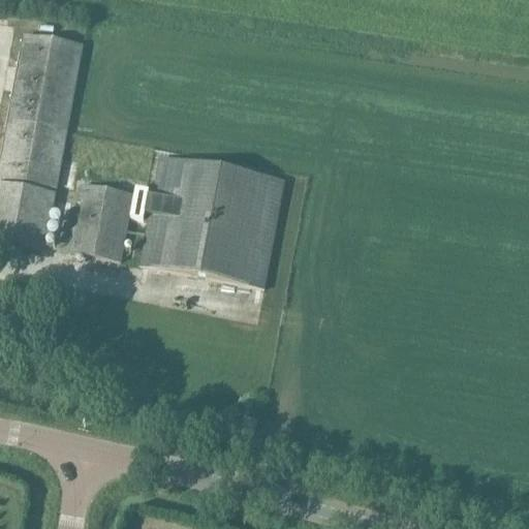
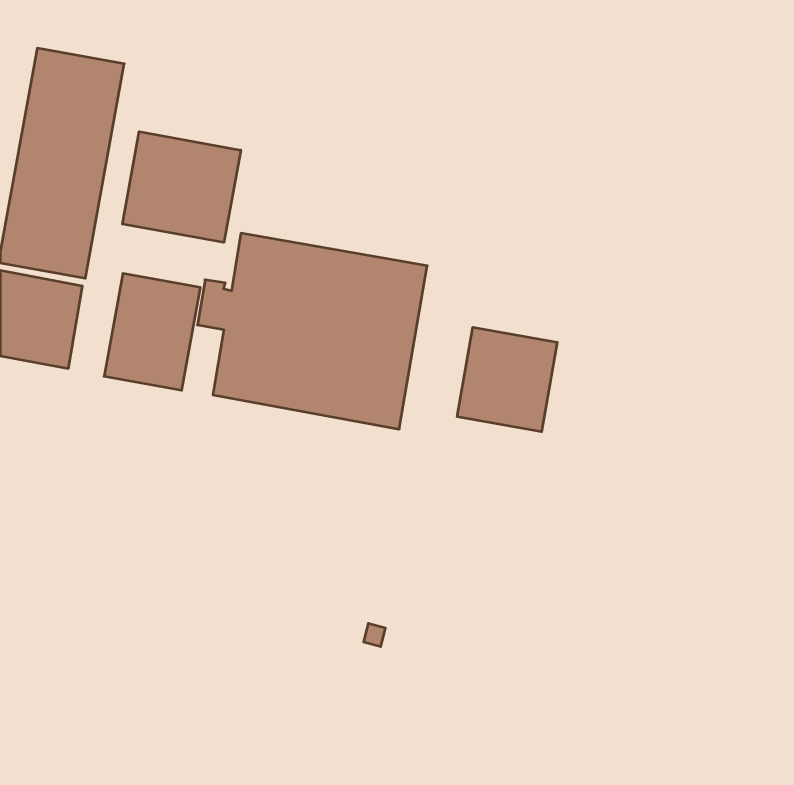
building: none -> [122,132,241,242]
building: none -> [457,327,557,432]

